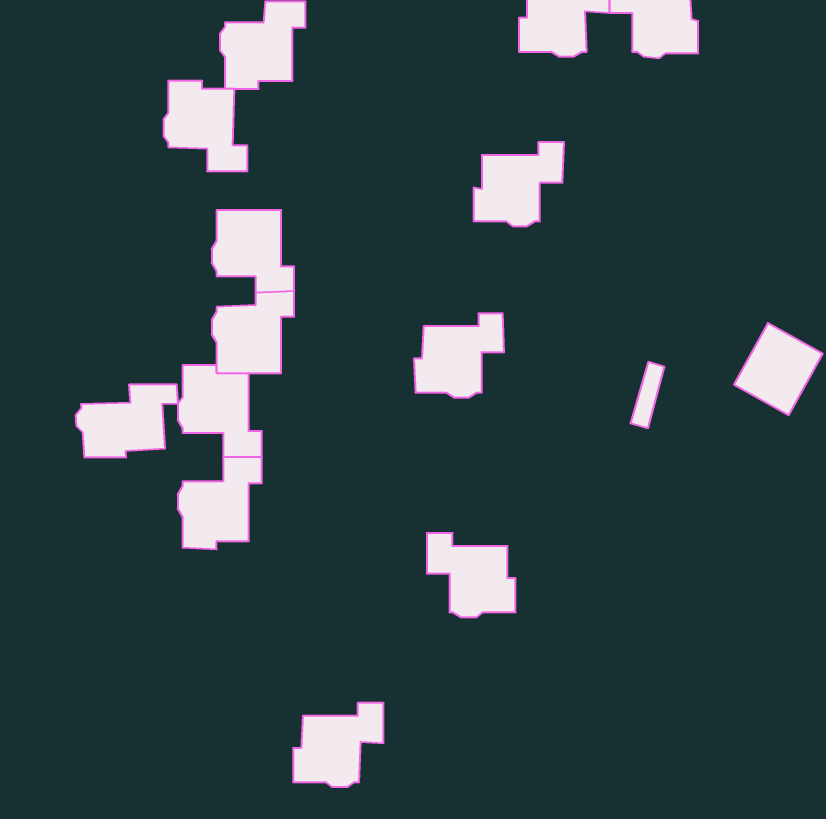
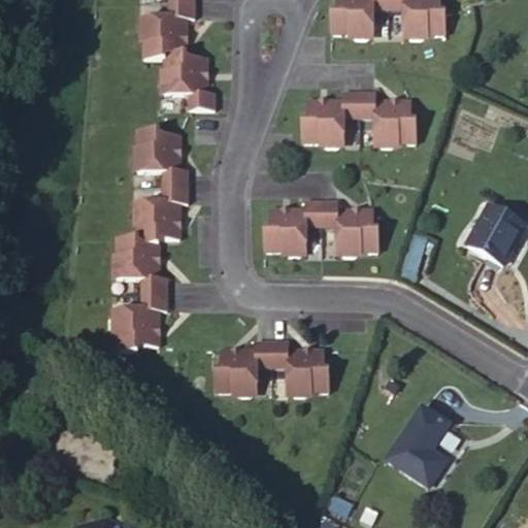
building: [163,81,247,171] -> [162,52,216,109]
building: none -> [359,91,417,145]
building: none -> [321,200,378,254]
building: [76,384,178,458] -> none
building: none -> [388,406,450,488]
building: [293,703,384,787] -> [214,340,272,394]

